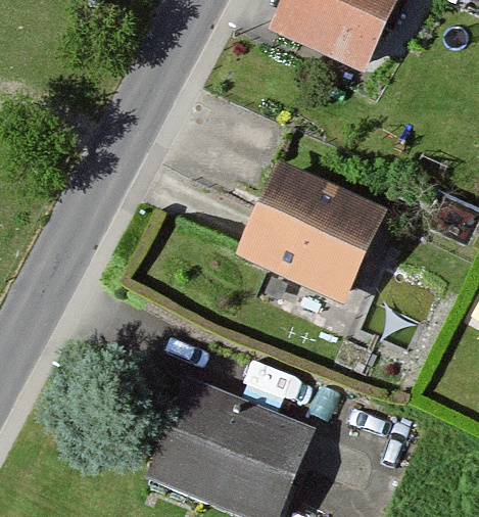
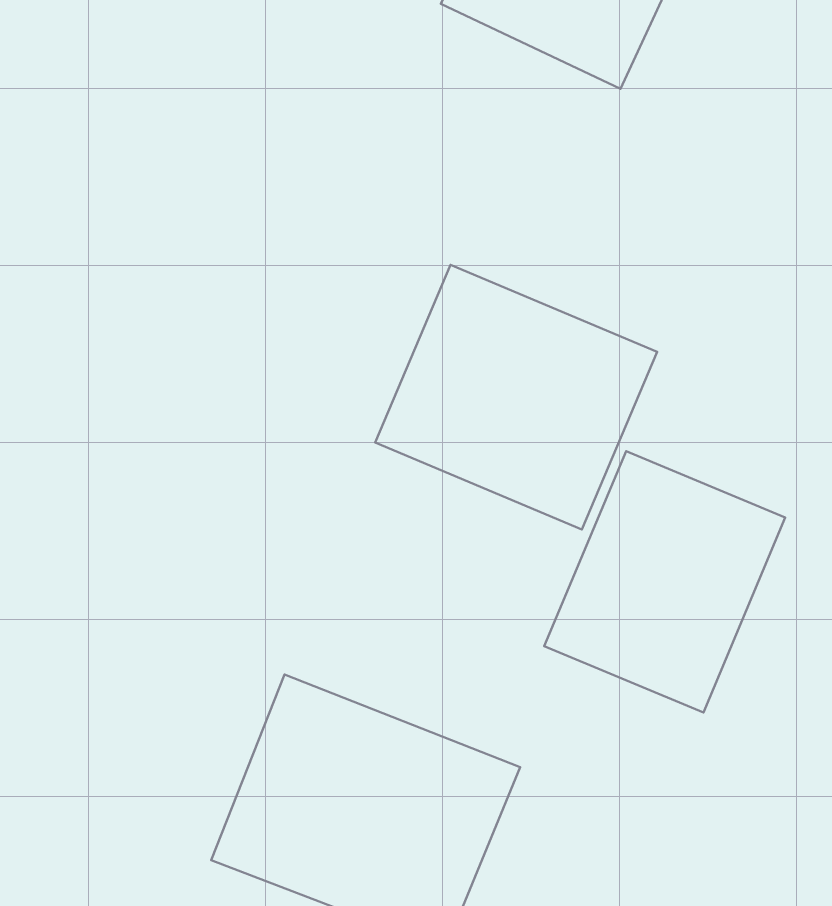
building: none -> [544,451,785,712]

